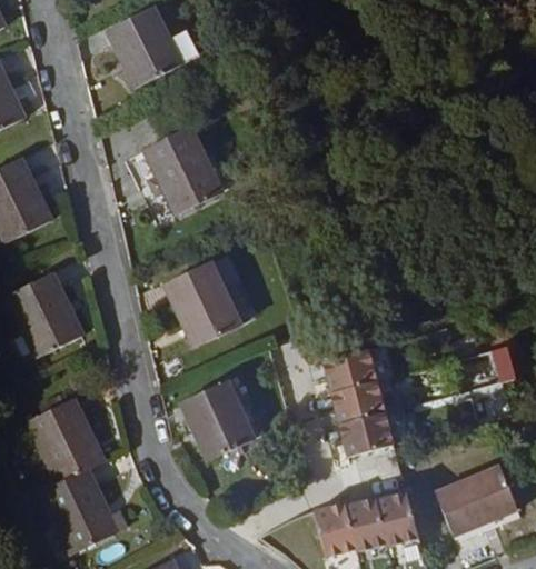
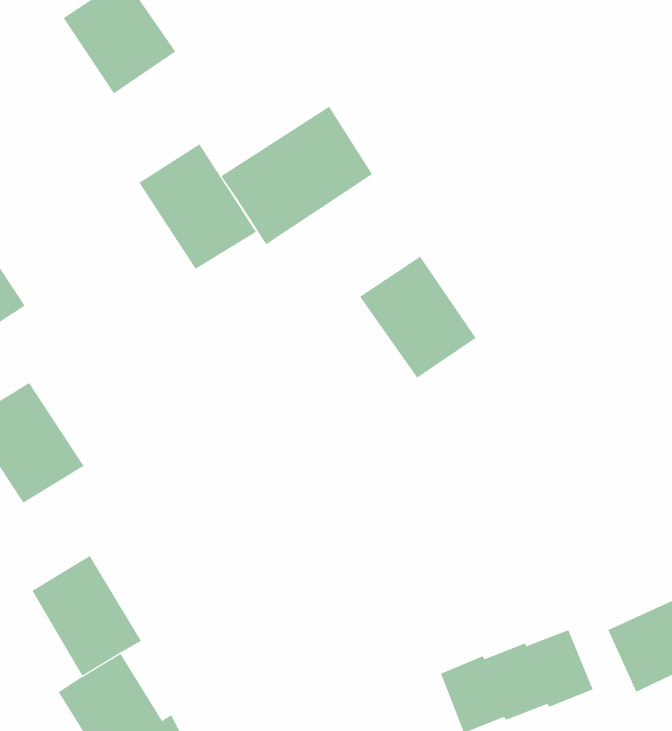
building: none -> [221,106,373,245]
building: [163,260,241,345] -> [359,256,477,379]
building: [318,346,391,455] -> none
building: [189,378,266,461] -> none

